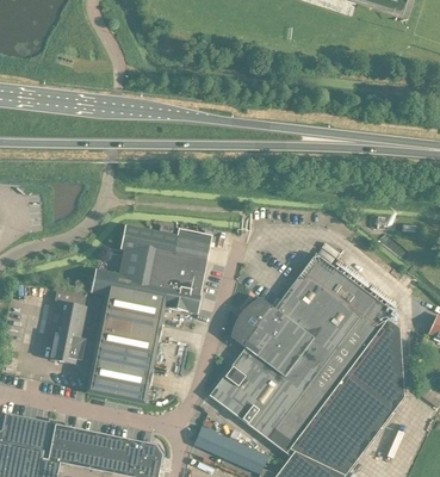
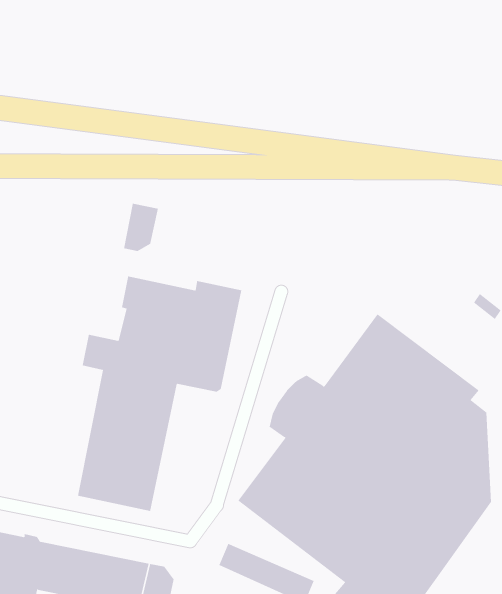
building: none -> [124,203,159,252]
building: [50,290,91,366] -> none

